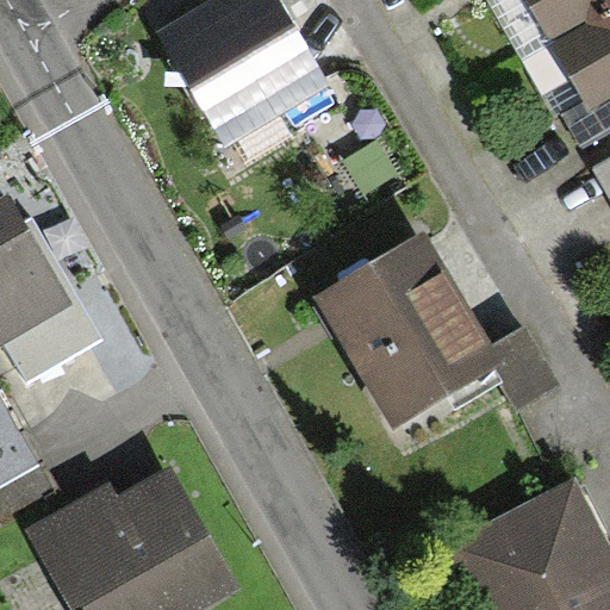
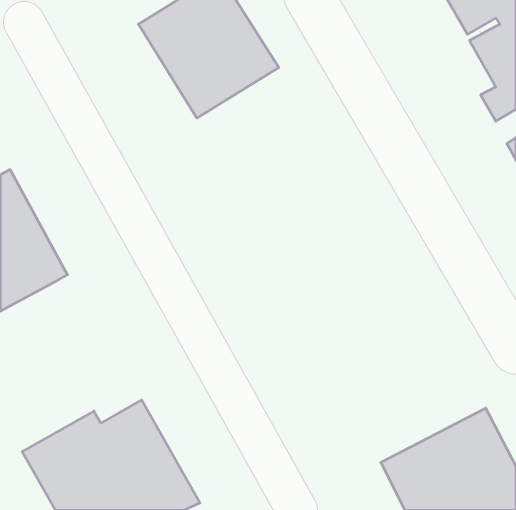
building: [318,243,559,434] -> none

